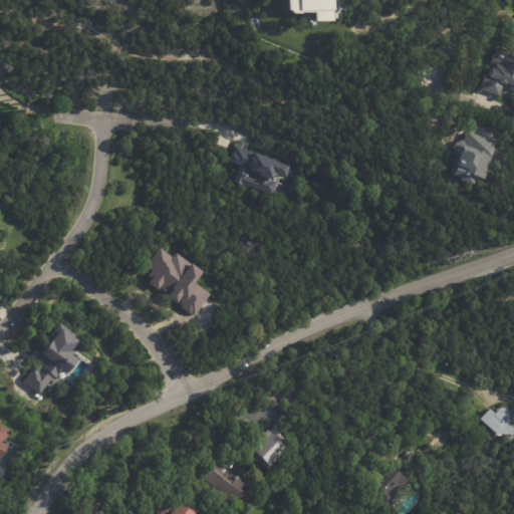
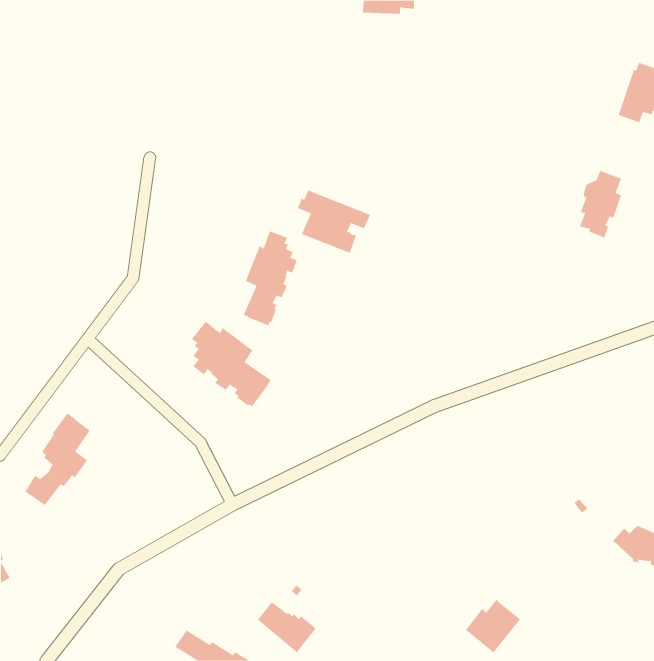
building: none -> [243,231,298,326]
building: [251,426,289,464] -> none

